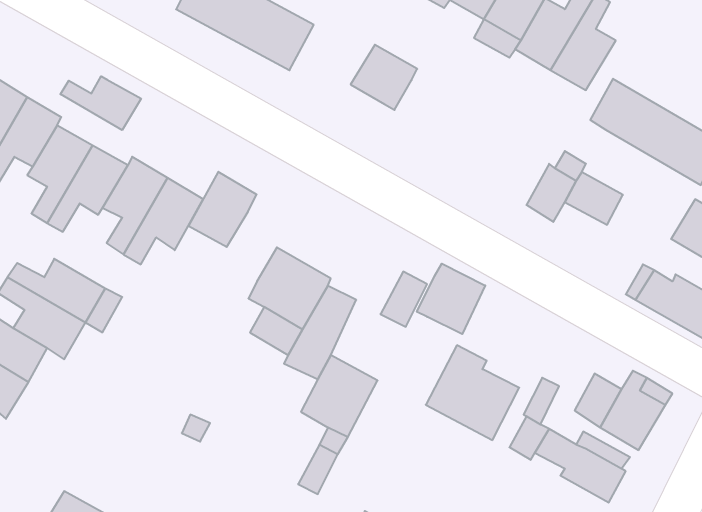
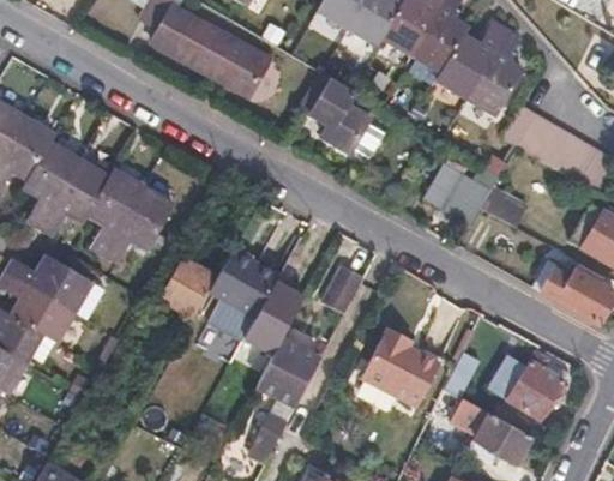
building: [60,76,141,130] -> none
building: none -> [319,104,384,157]
building: none -> [422,156,468,210]
building: [188,172,257,247] -> [162,255,219,319]
building: [417,264,485,334] -> none

